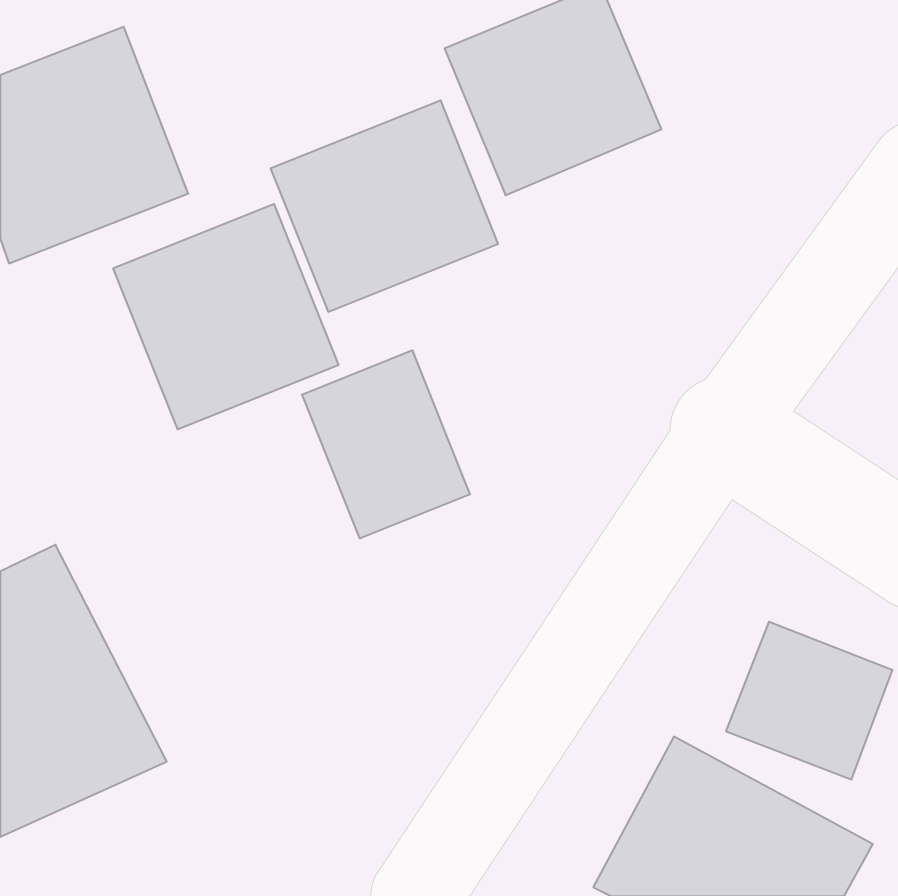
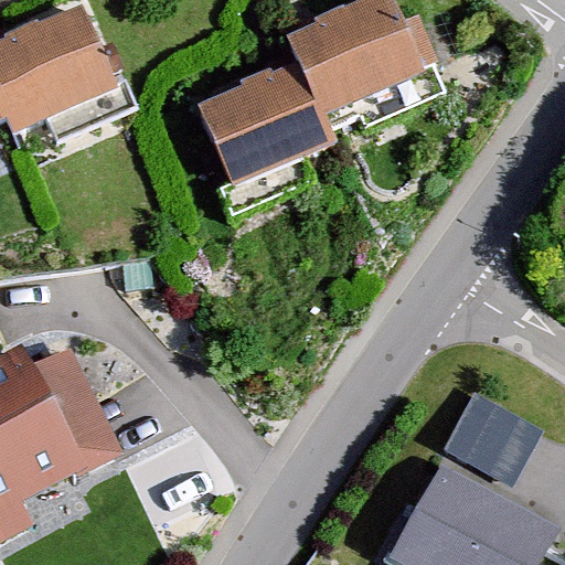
building: [113,204,338,429] -> none
building: [302,350,470,539] -> none

